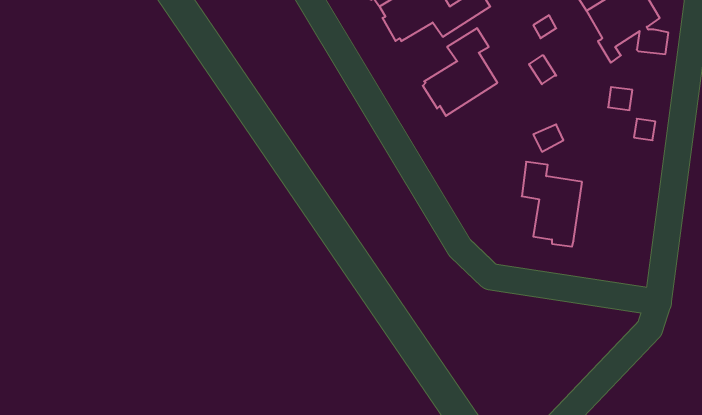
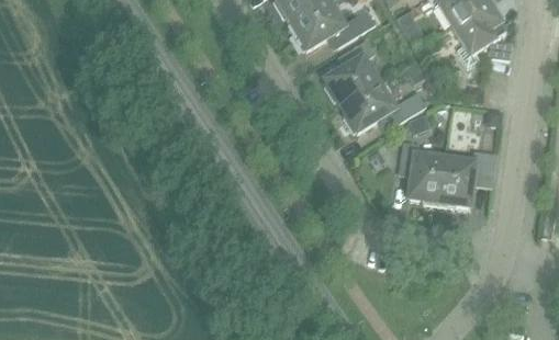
building: none -> [342,80,426,132]
building: none -> [438,150,496,207]

